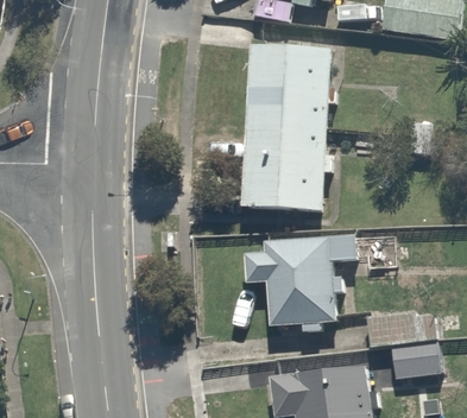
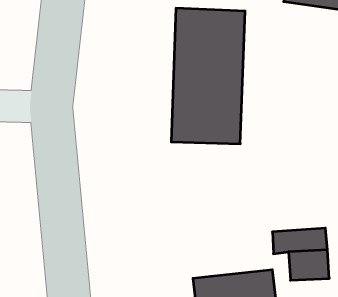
building: [244,234,397,334] -> none

